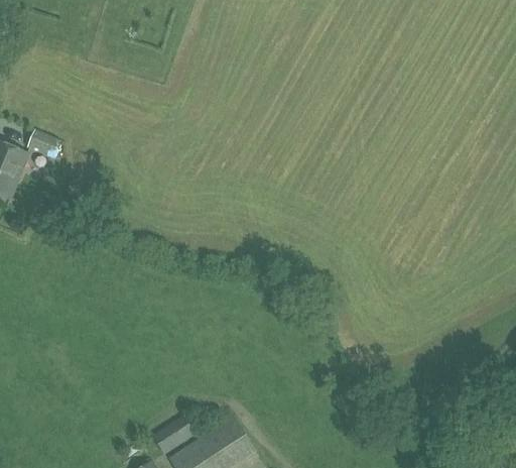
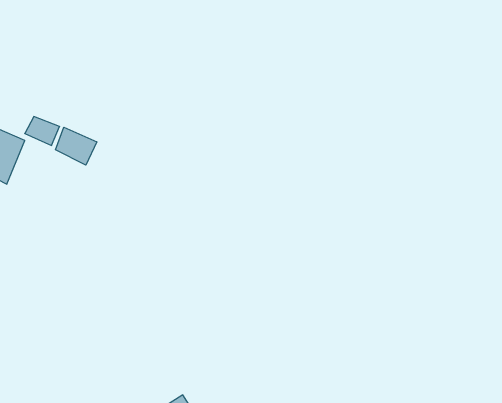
building: none -> [56,127,97,165]

